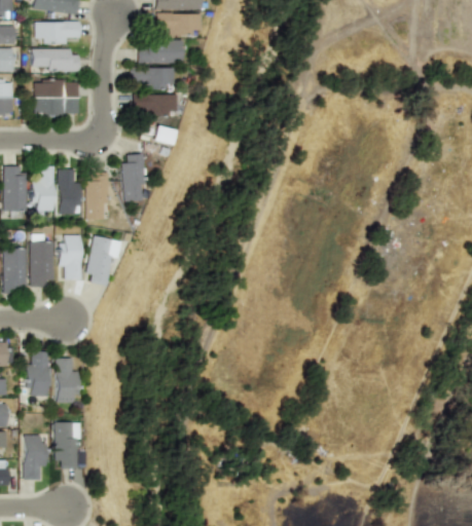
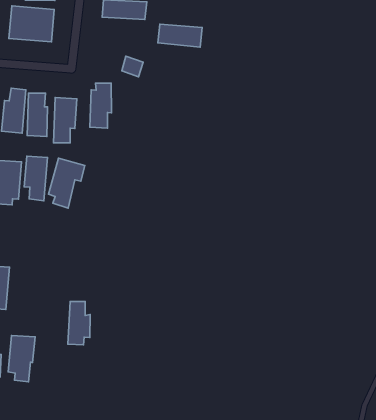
building: [133,93,178,115] -> [158,24,202,47]
building: [56,358,78,403] -> [68,301,90,345]

